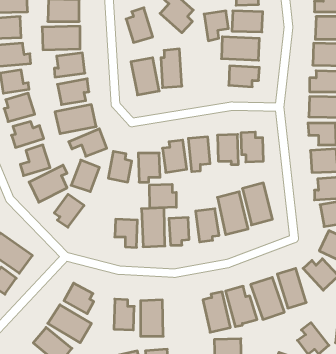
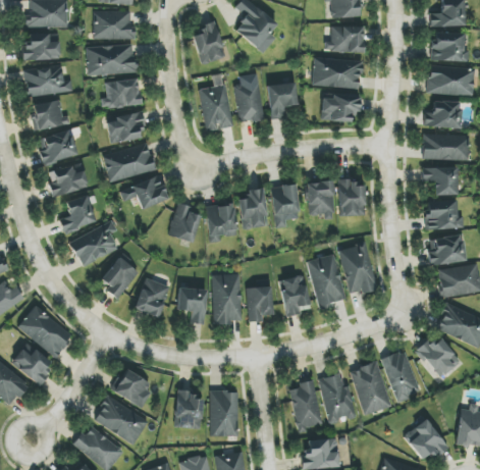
building: [204,11,228,41] -> [266,82,297,119]
building: [71,160,99,192] -> [134,277,169,317]
building: [150,184,176,208] -> none

